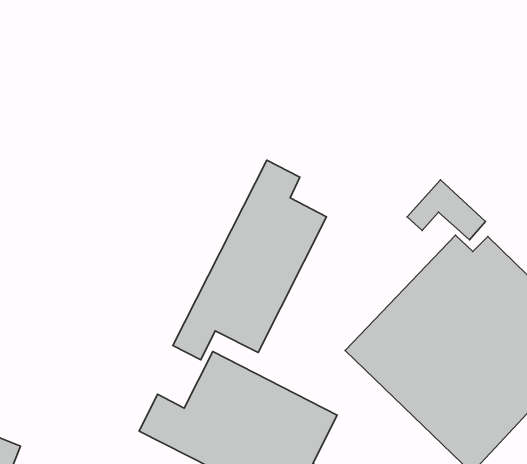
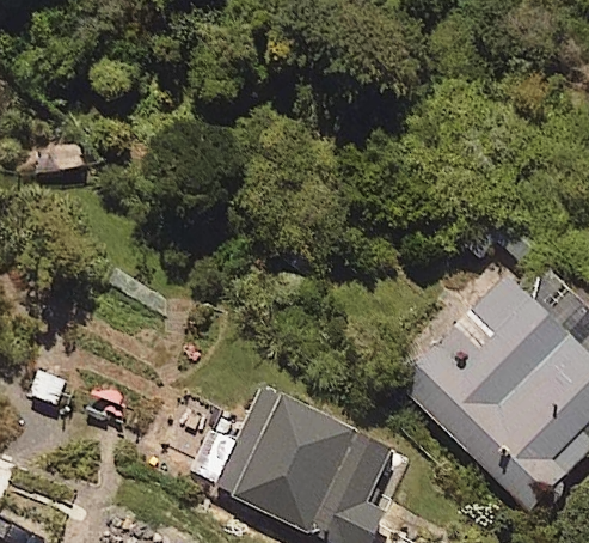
building: [173,160,327,360] -> none

